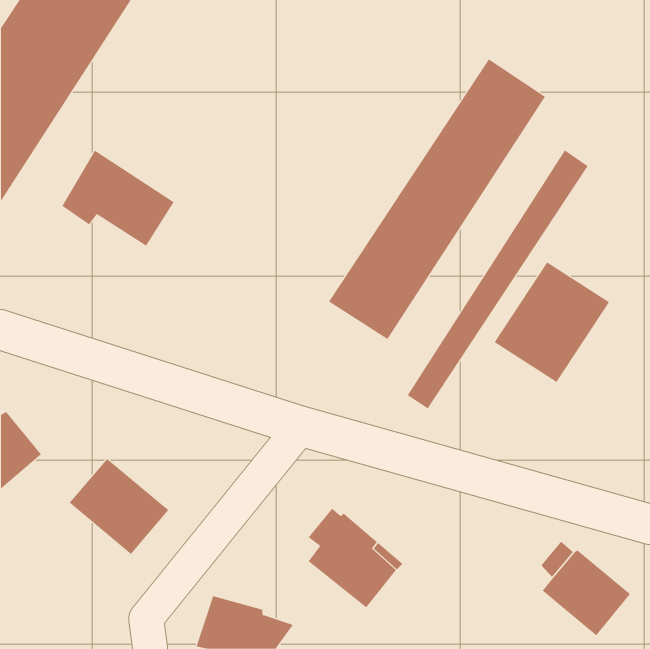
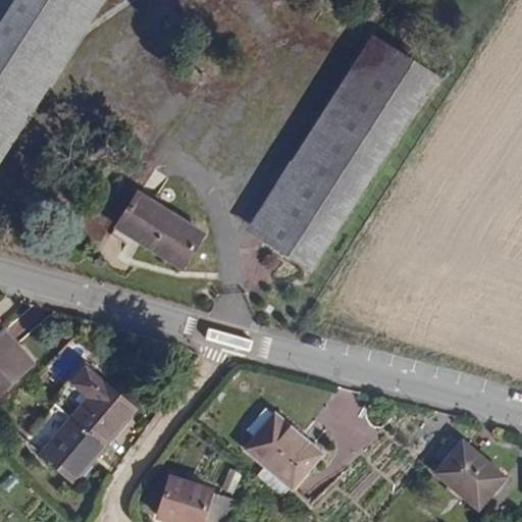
building: [407,150,589,409] -> [246,34,392,242]
building: [61,150,175,247] -> [113,191,204,268]
building: [494,262,610,383] -> none
building: none -> [25,403,105,481]

